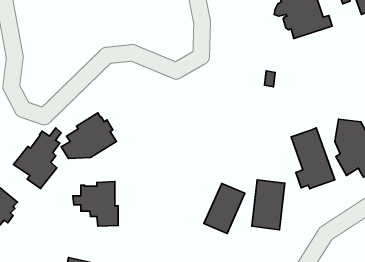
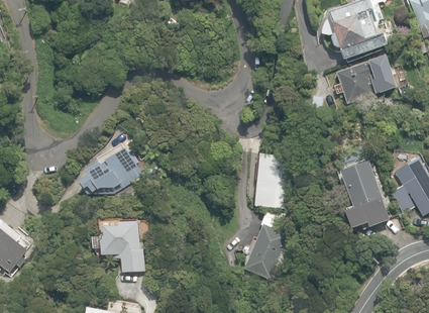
building: none -> [333,59,390,104]
building: [13,128,61,188] -> none
building: [252,180,285,230] -> [253,152,291,209]

